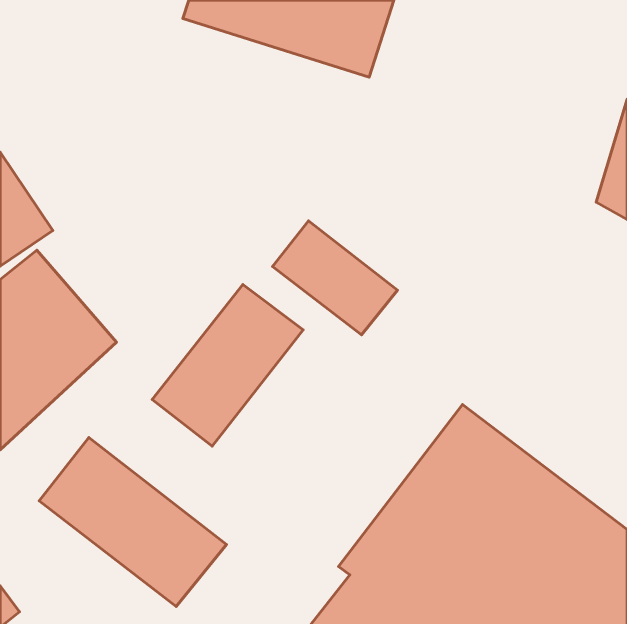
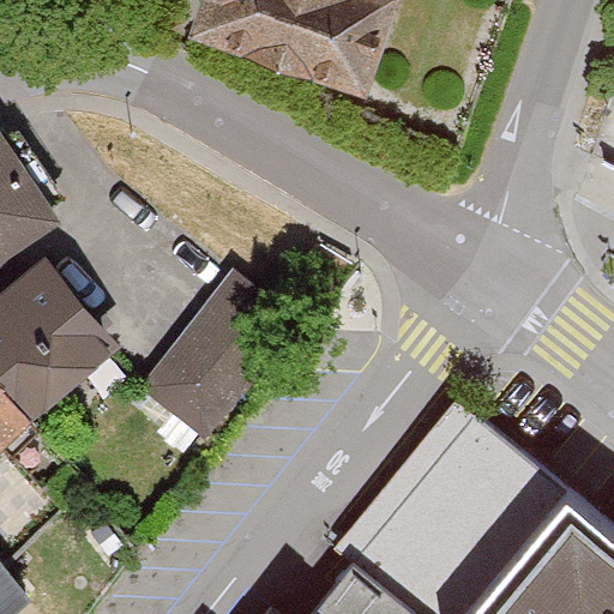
building: [273,221,398,335] -> none
building: [39,437,226,606] -> none

